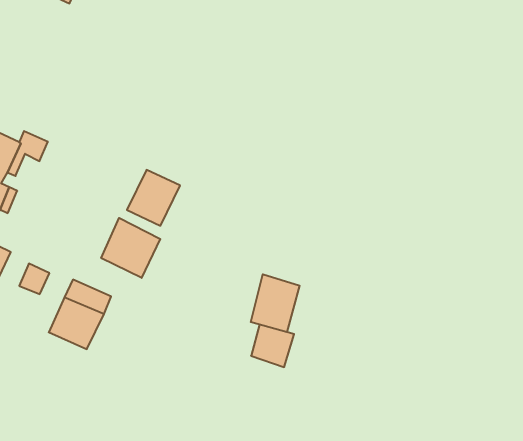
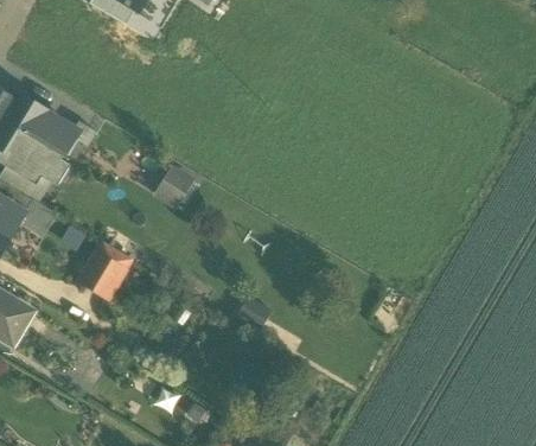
building: [101,218,160,278] -> none
building: [251,274,300,332] -> none

